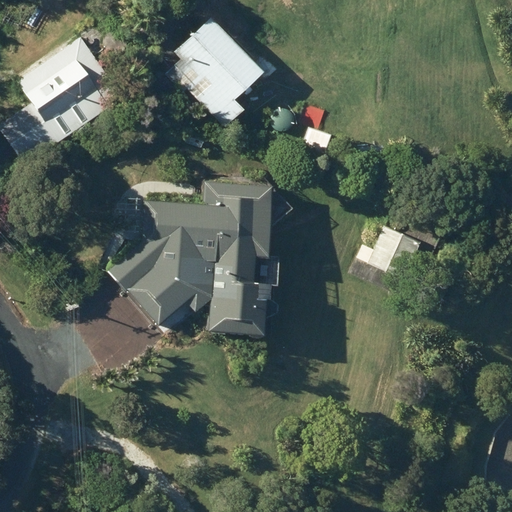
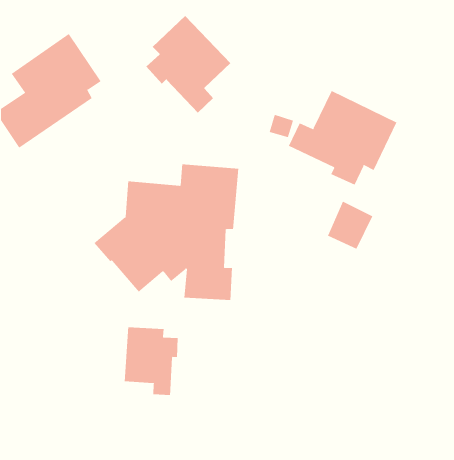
building: none -> [288,90,397,185]
building: none -> [124,327,178,396]

